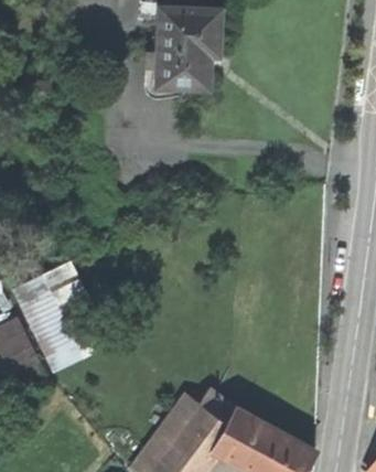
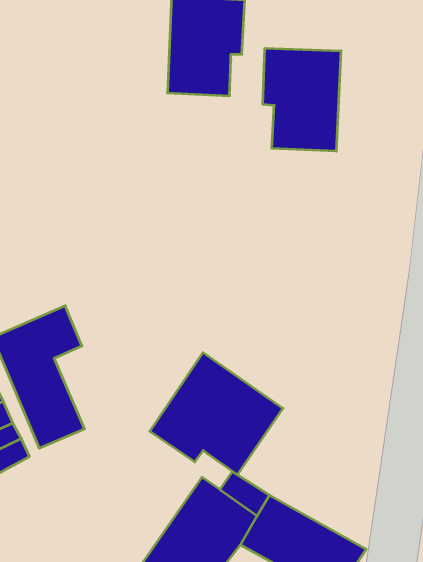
building: none -> [263,48,341,151]
building: none -> [150,353,283,475]

